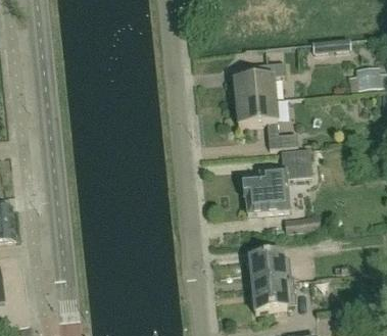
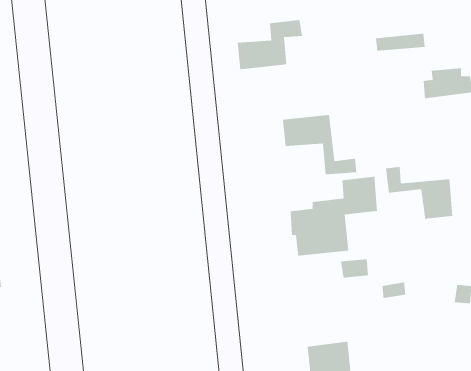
building: [234,65,286,105] -> [237,19,303,70]
building: none -> [385,166,453,219]
building: [252,254,288,285] -> none

